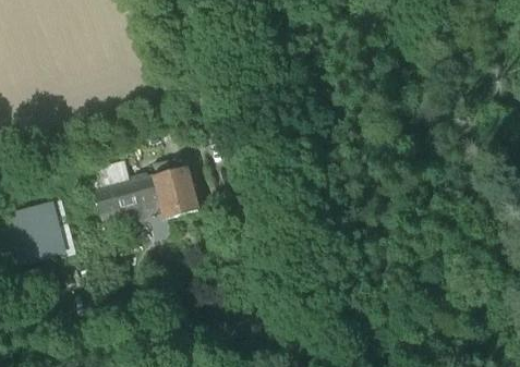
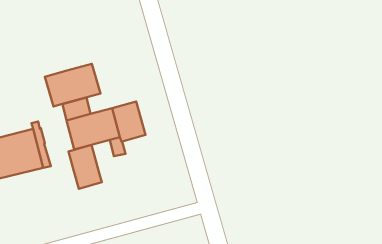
building: none -> [45,64,100,107]
building: none -> [69,145,102,189]

